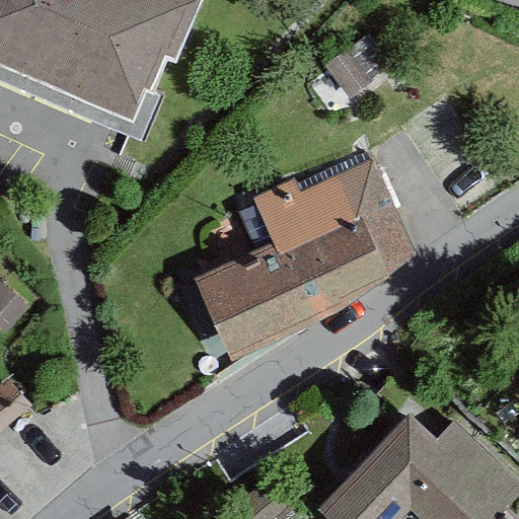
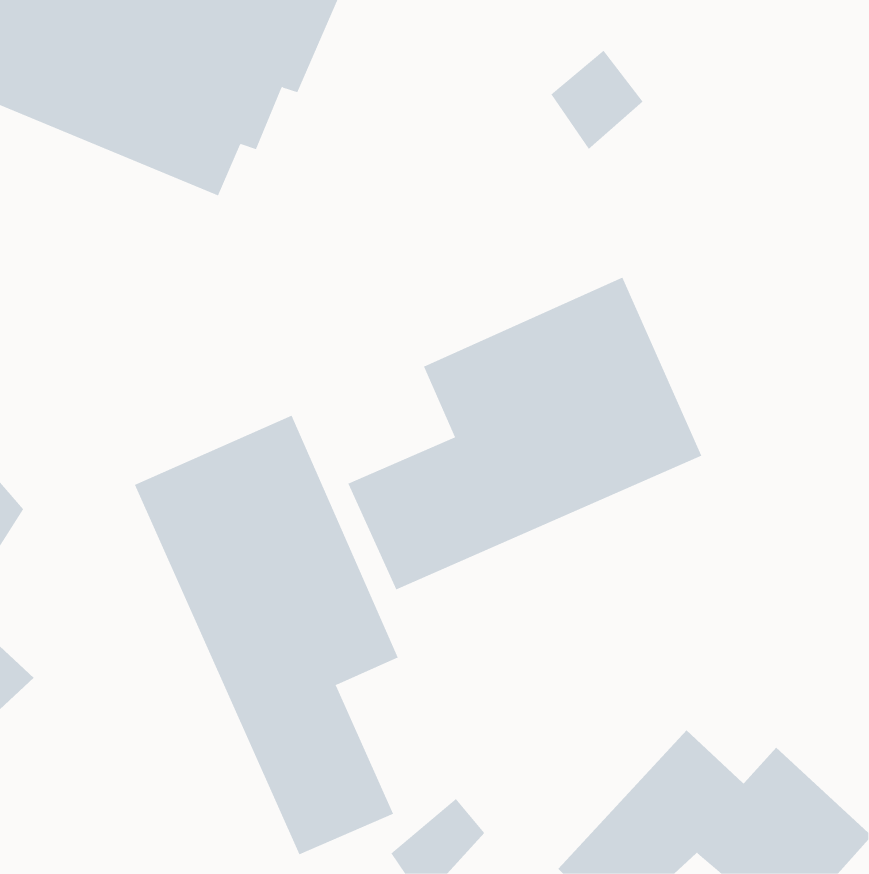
building: none -> [134,415,398,855]

